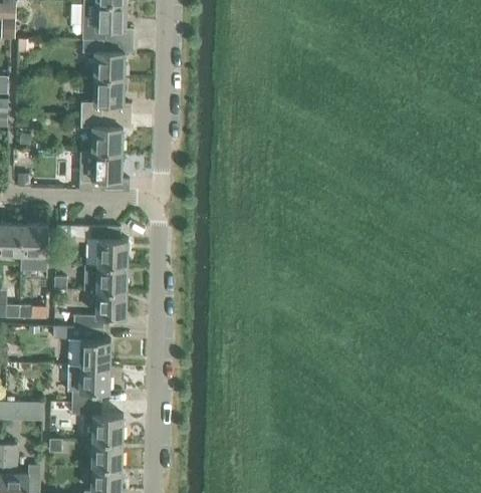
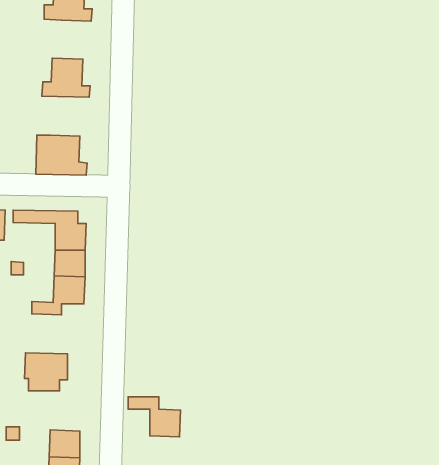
building: [85,39,132,78] -> none
building: [83,114,130,154] -> none
building: [51,325,109,366] -> none
building: [70,403,122,442] -> [128,397,180,437]

